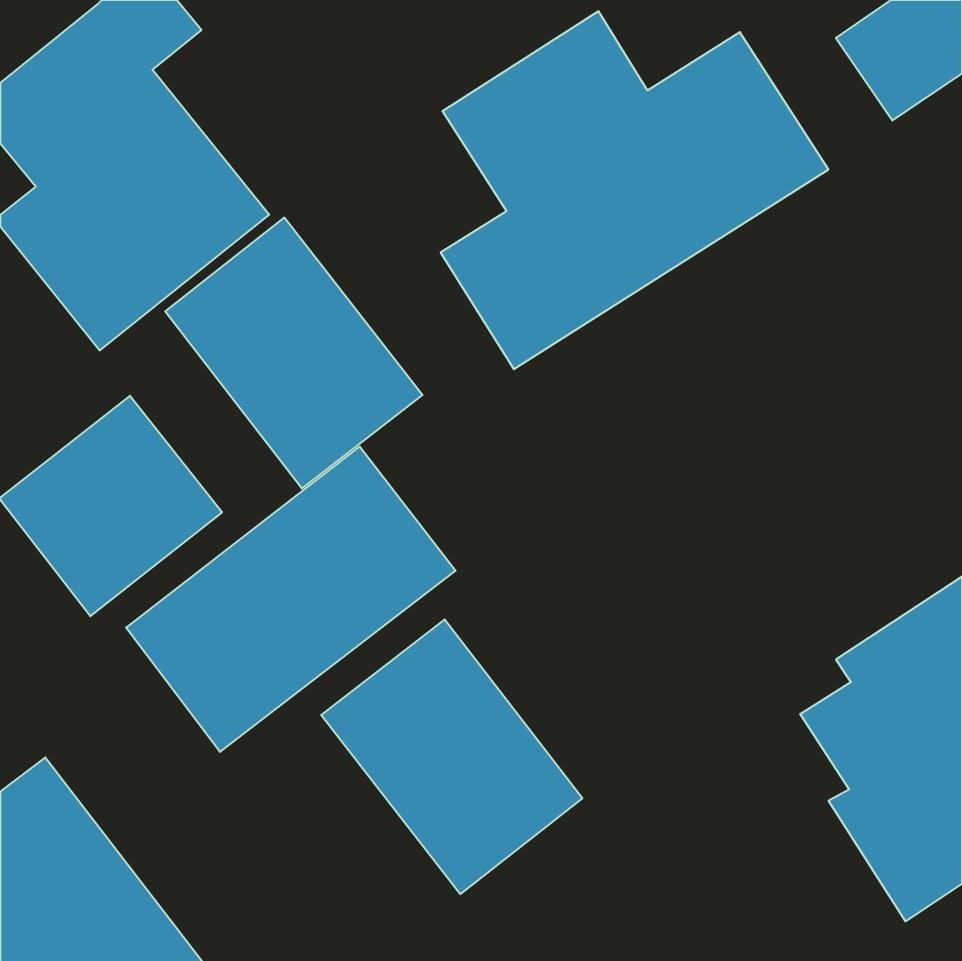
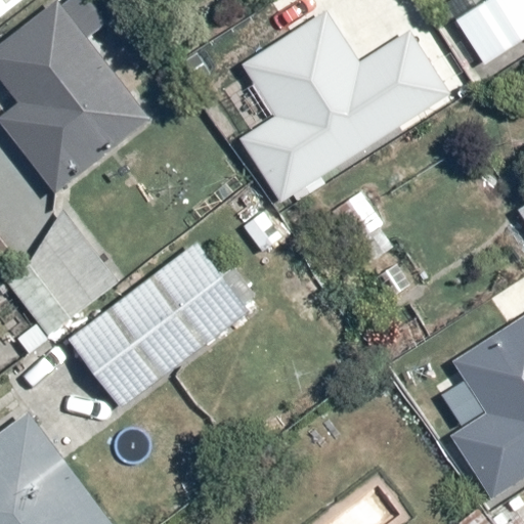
building: [165,218,423,489] -> none
building: [321,619,582,894] -> none

